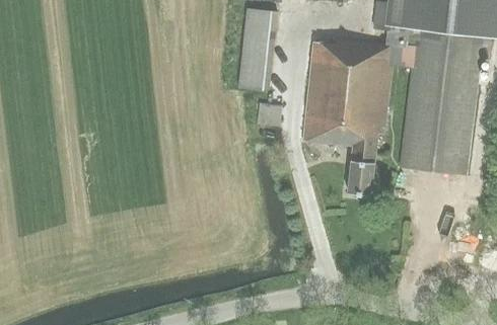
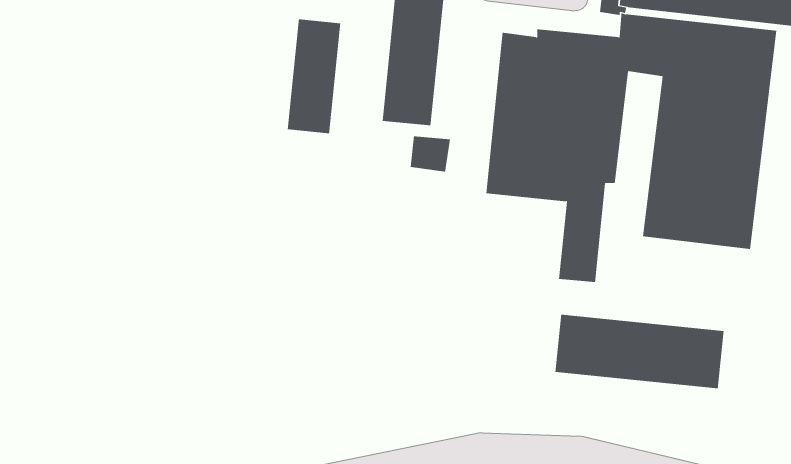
building: none -> [287,19,341,134]
building: none -> [555,314,724,389]

